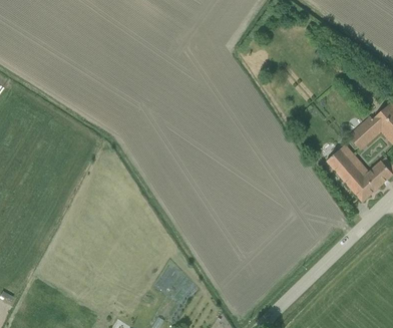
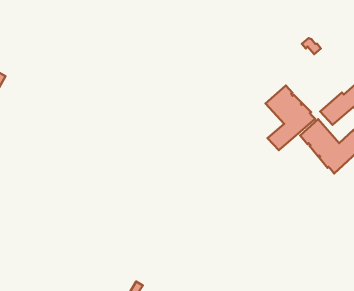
building: none -> [266,85,315,150]

